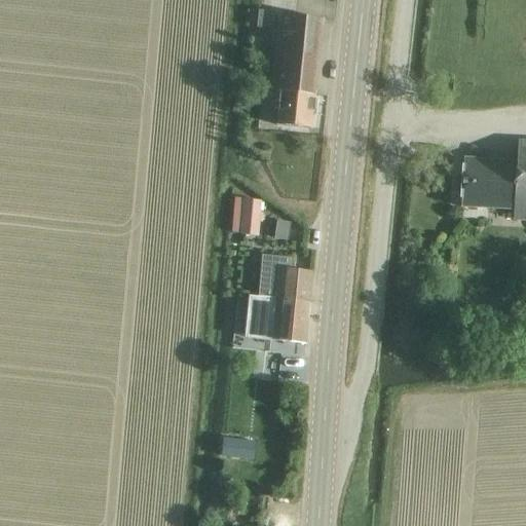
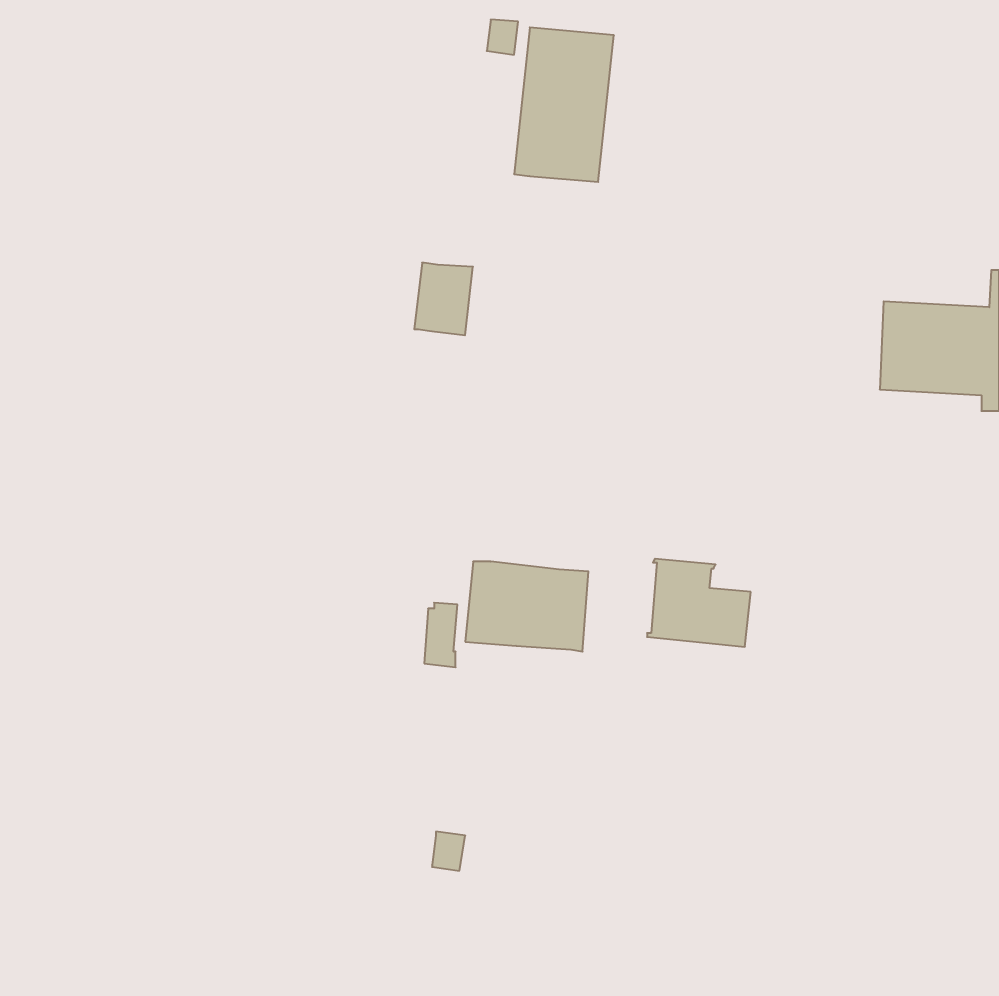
building: [275,92,314,127] -> none
building: [230,197,261,235] -> [414,263,473,335]
building: [258,254,312,300] -> [647,559,751,647]

